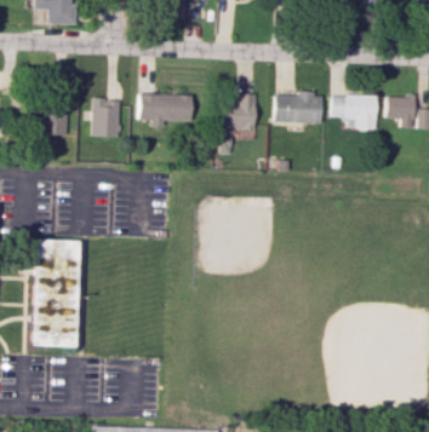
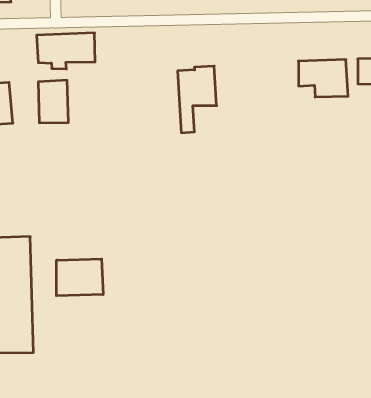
building: [275,93,322,123] -> none
building: [139,94,193,127] -> [37,33,95,69]
building: none -> [56,259,103,296]

